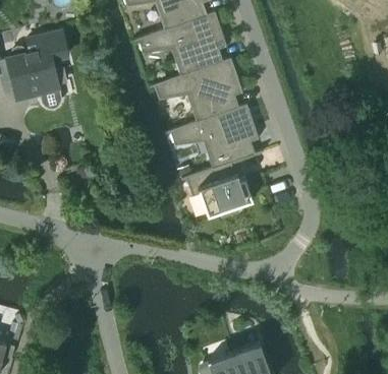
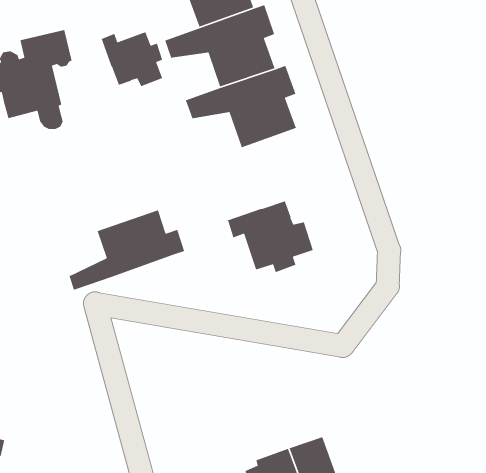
building: none -> [98,31,163,122]
building: [165,104,264,179] -> none
building: none -> [50,205,185,293]

